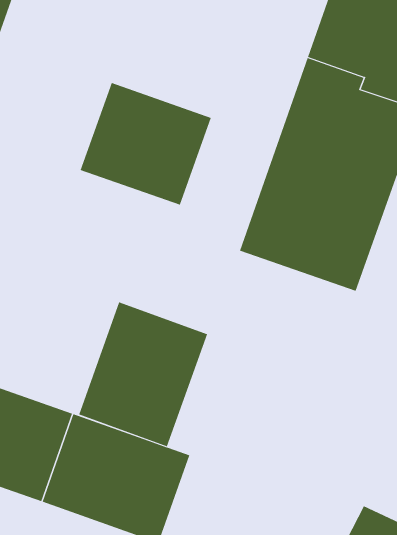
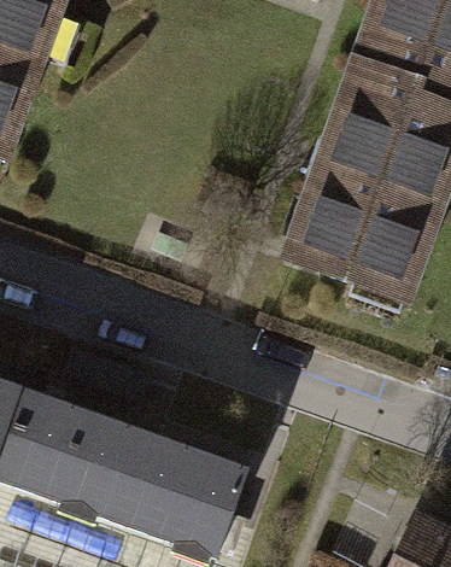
building: [80,82,212,206] -> none
building: [78,302,208,447] -> none

